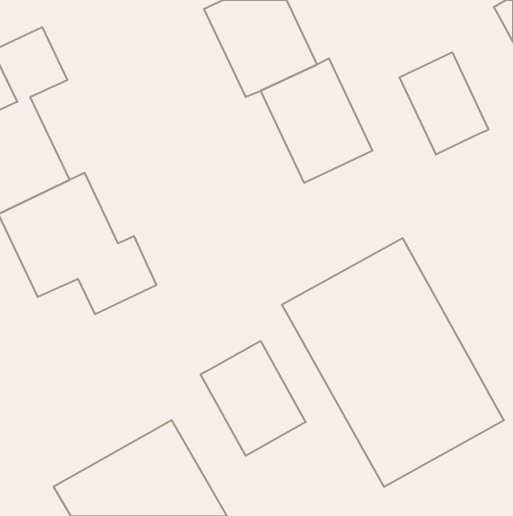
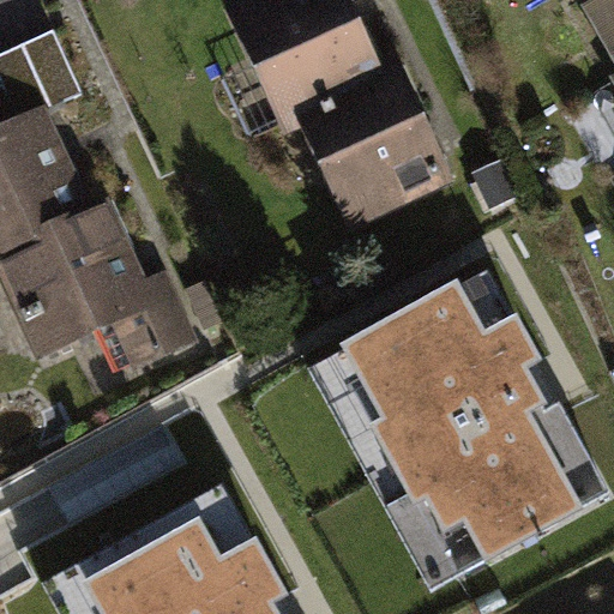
building: [399,52,489,155] -> none
building: [200,341,306,456] -> none

